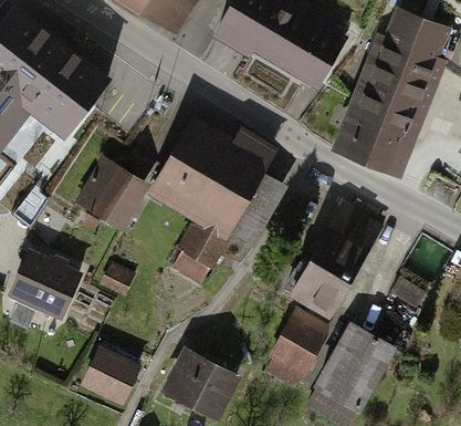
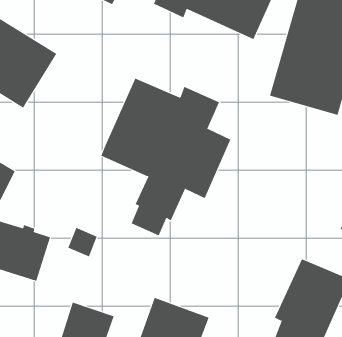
building: [75,155,149,230] -> none
building: [286,205,384,319] -> none
building: [264,310,327,389] -> none

